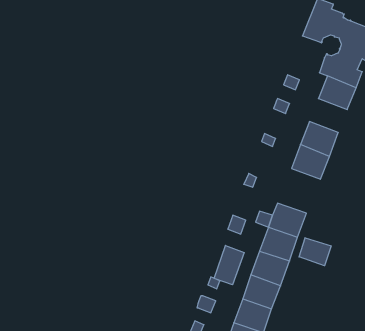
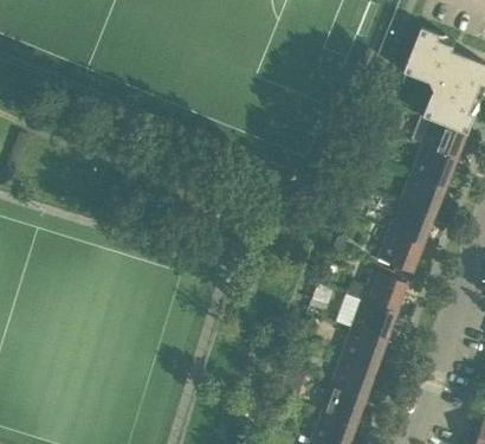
building: none -> [409,148,454,188]
building: none -> [376,231,422,274]
building: [299,238,331,266] -> none
building: [214,245,244,285] -> none

